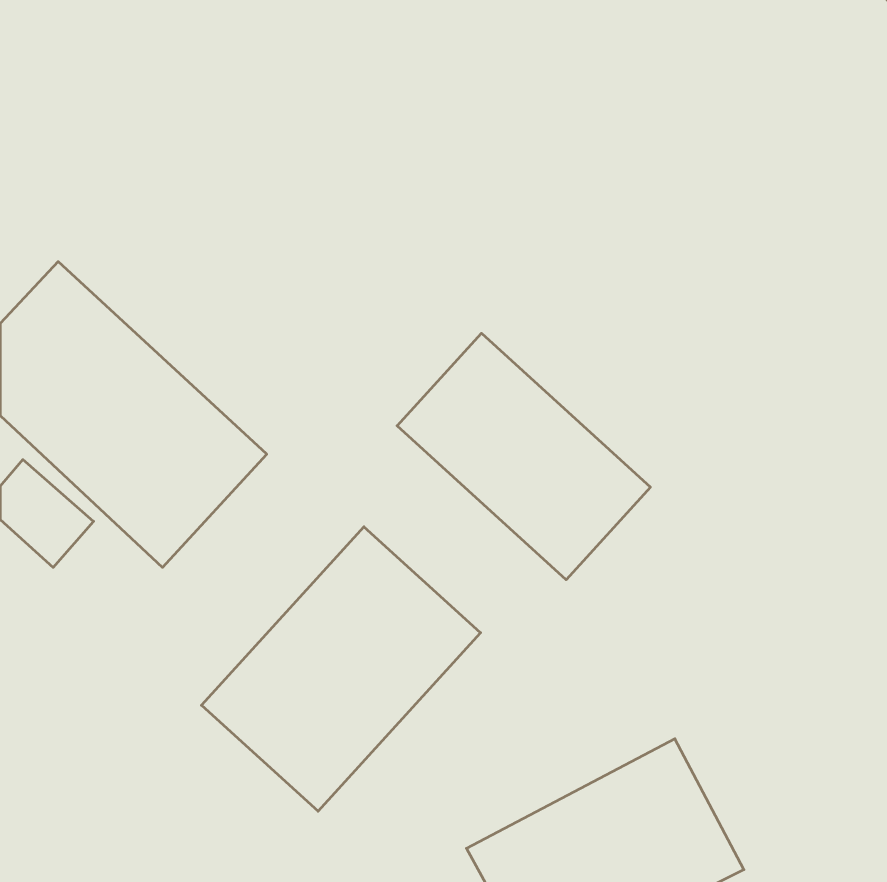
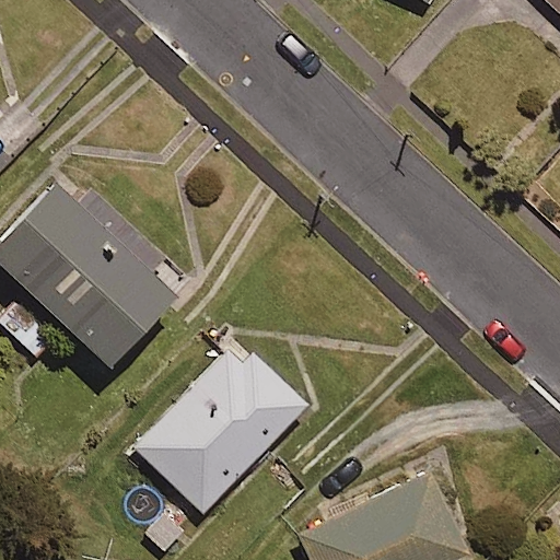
building: [397,333,650,580] -> none

